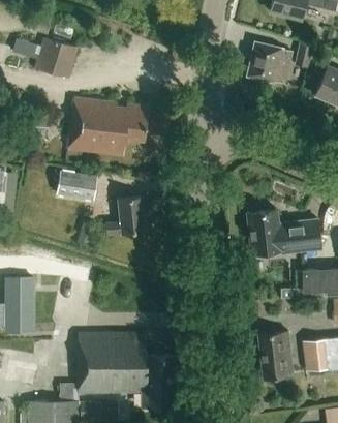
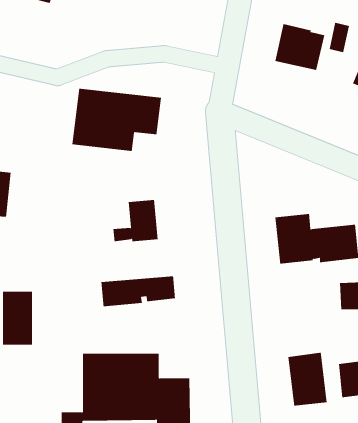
building: [34,38,75,77] -> none
building: [54,170,97,201] -> none
building: none -> [101,275,176,307]

